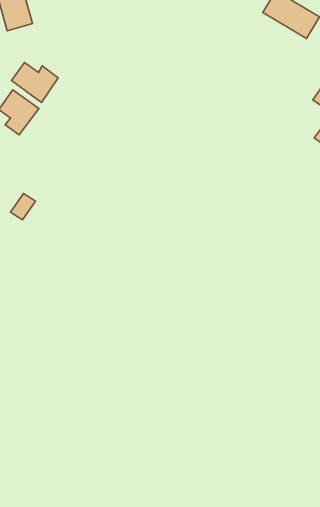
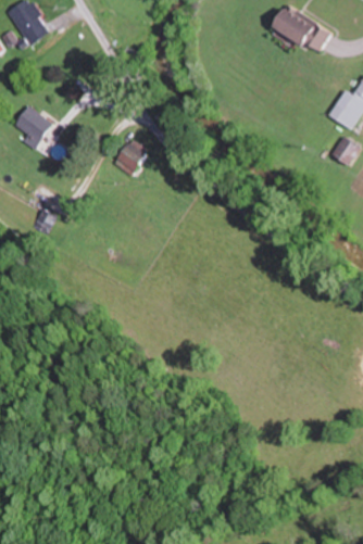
building: [12,63,58,102] -> none
building: none -> [112,137,149,176]

